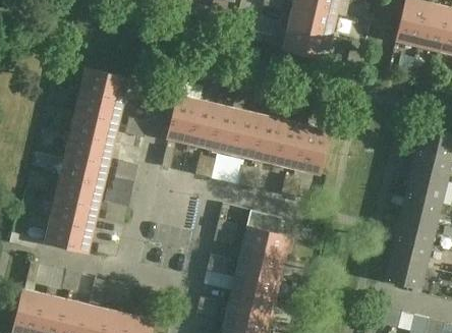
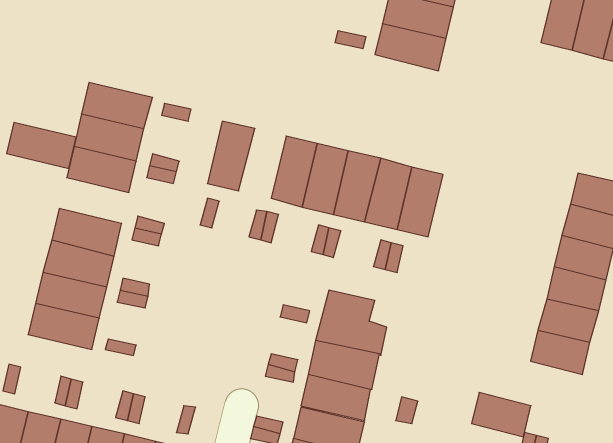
building: [188,100,221,148] -> none
building: [65,133,113,165] -> [7,122,76,168]
building: [384,260,425,290] -> [472,392,531,437]

